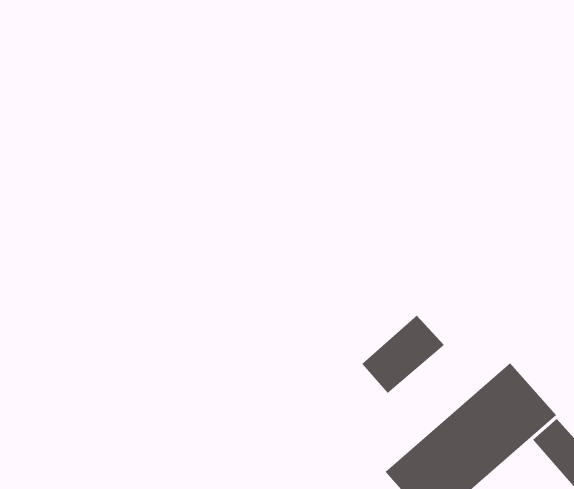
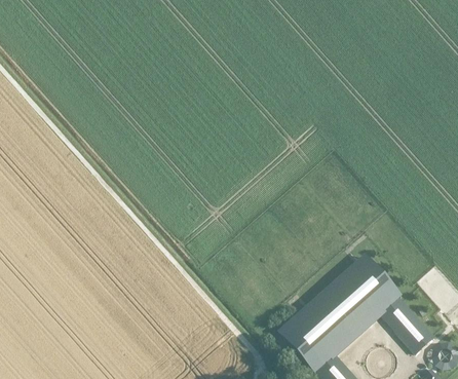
building: [362,315,445,394] -> none

